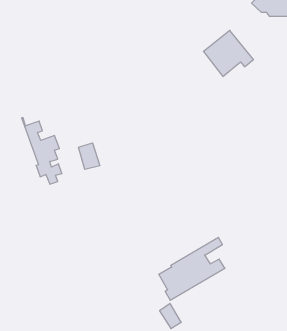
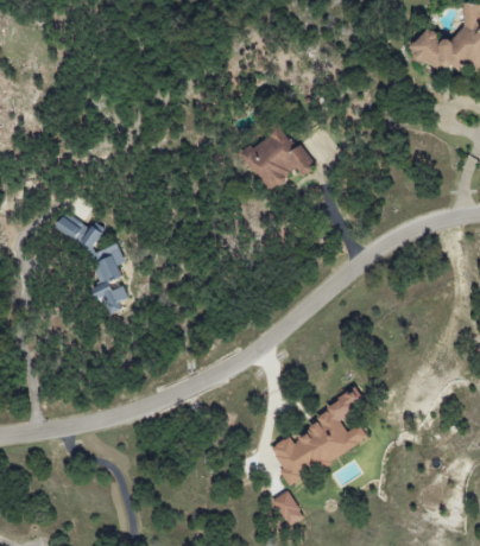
building: [203,30,253,76] -> [241,125,315,192]
building: [79,143,100,169] -> none

